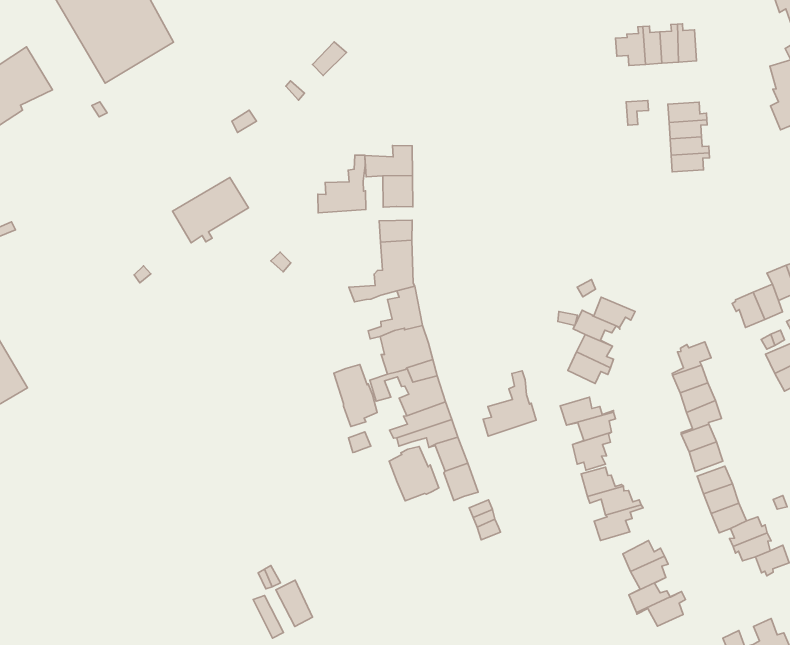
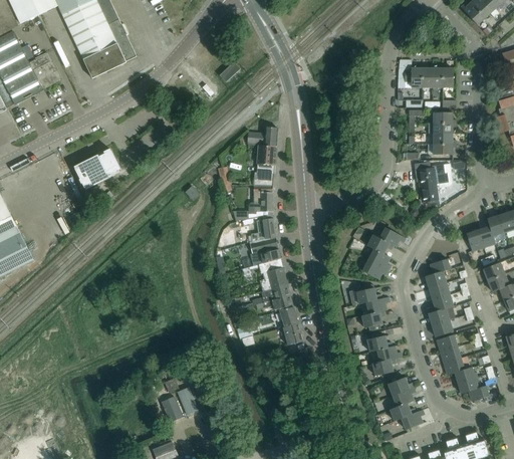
building: [318,155,366,213] -> none
building: [172,178,248,243] -> [75,150,121,188]
building: none -> [418,163,452,201]
building: [334,364,377,426] -> none
building: [483,371,536,436] -> none
building: [389,446,439,501] -> none

